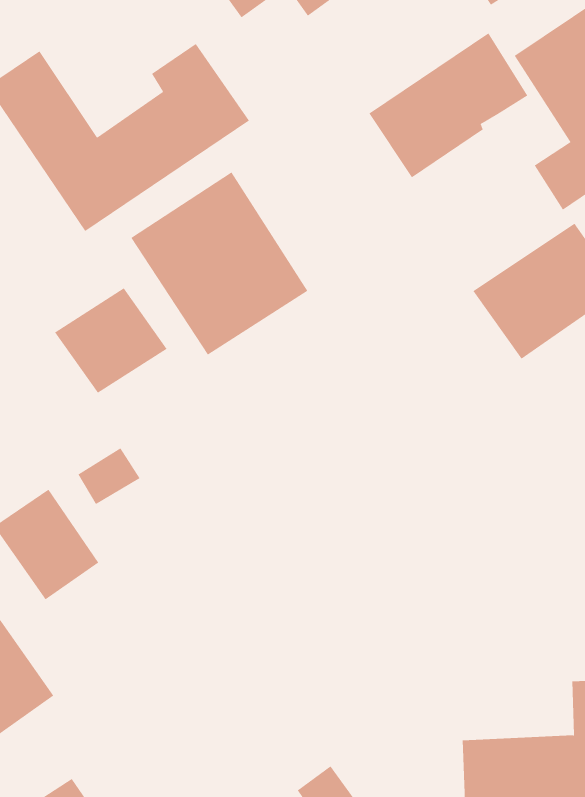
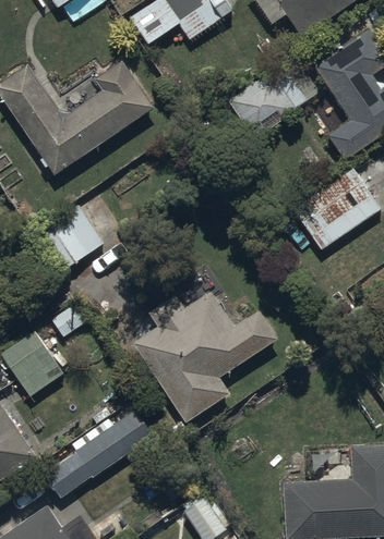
building: [130,172,308,355] -> none
building: none -> [132,291,276,420]
building: none -> [43,412,152,499]

